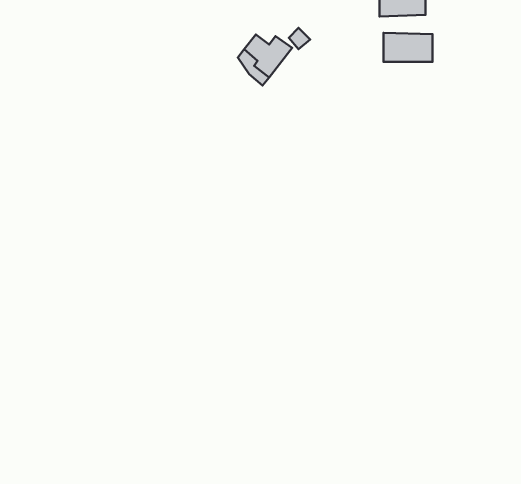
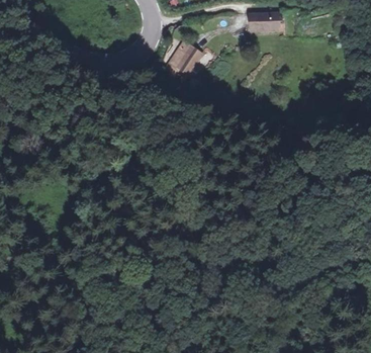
building: [384,33,432,62] -> none

